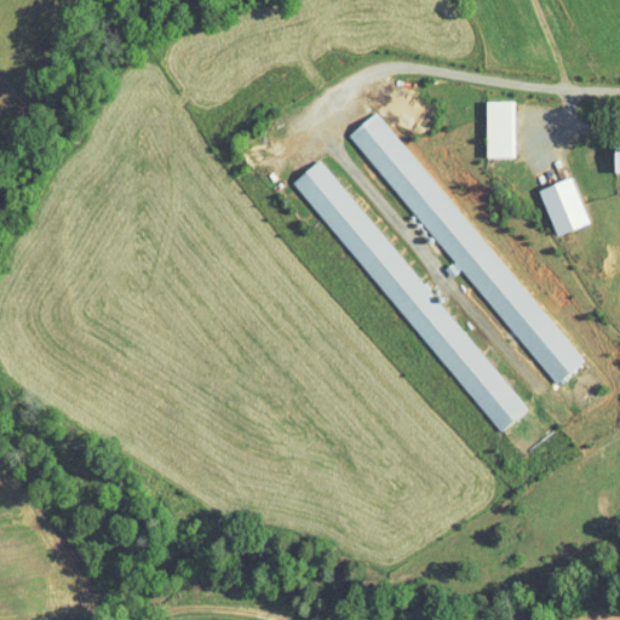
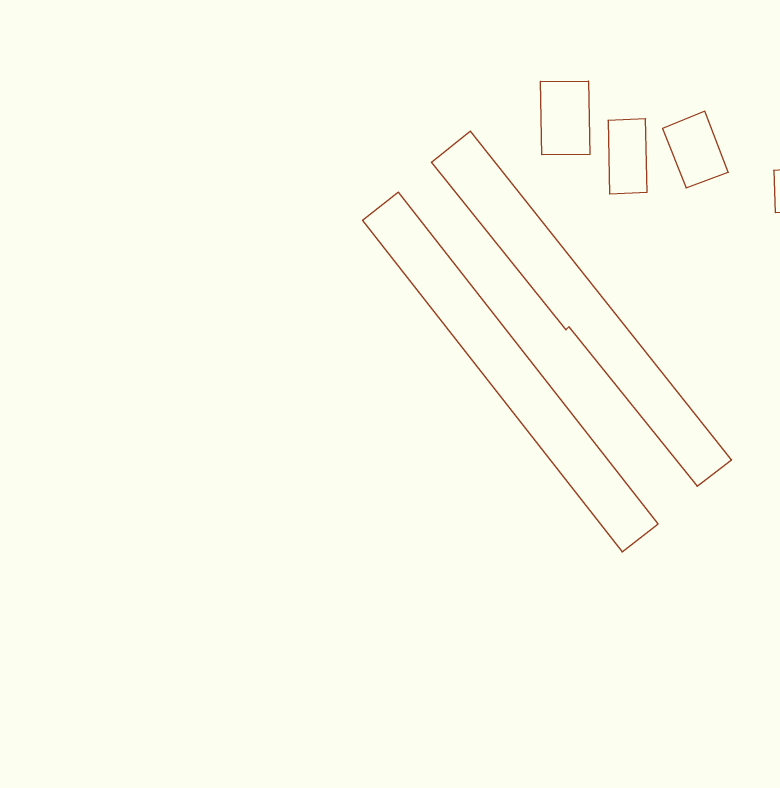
building: none -> [540,81,590,155]
building: [539,177,590,236] -> [663,111,728,188]

